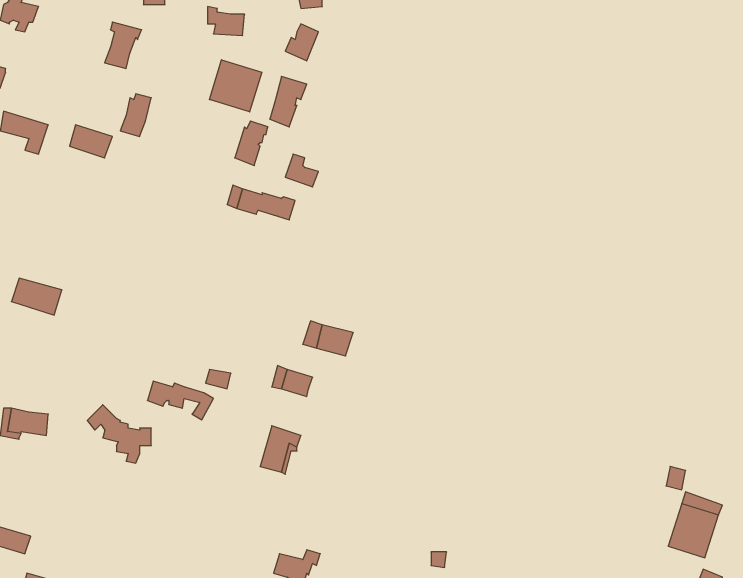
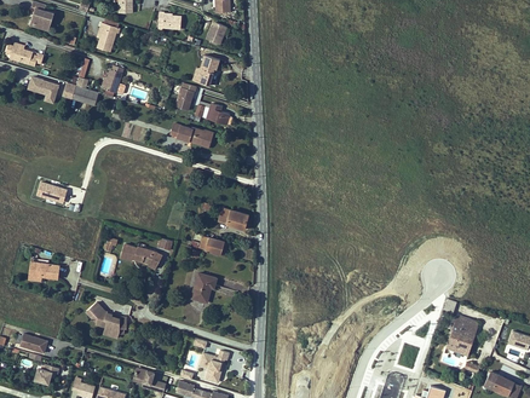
building: [209,60,262,112] -> none
building: [87,405,151,463] -> [86,304,126,340]

